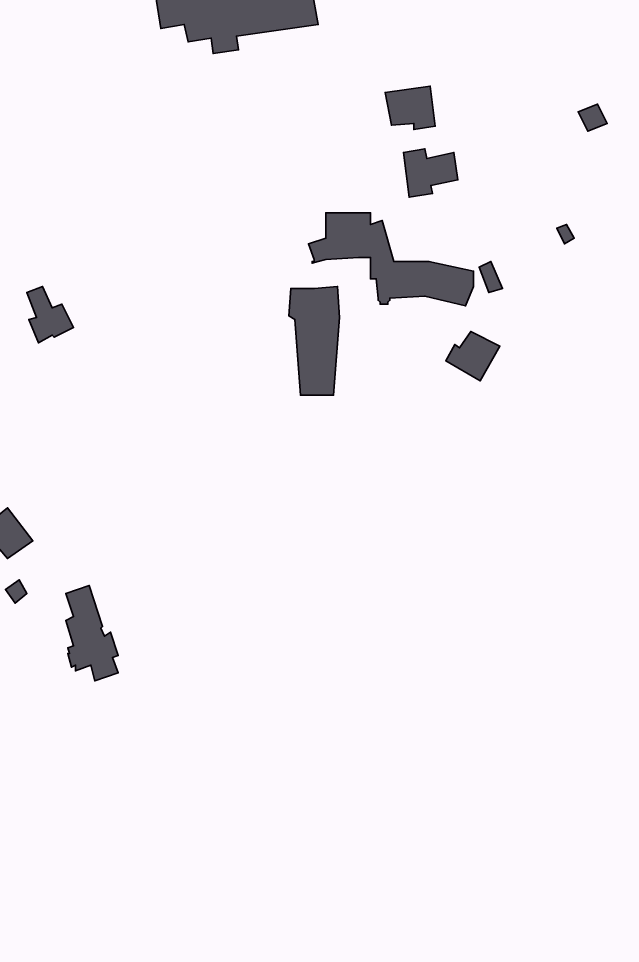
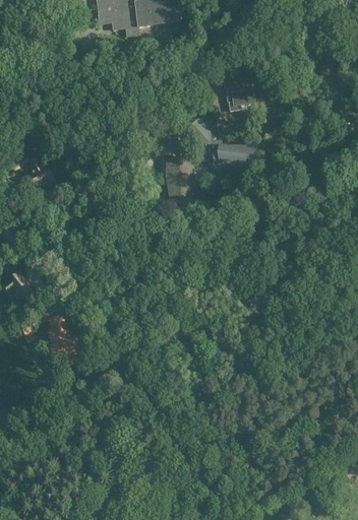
building: [385,86,435,129] -> none
building: [446,331,500,381] -> none

